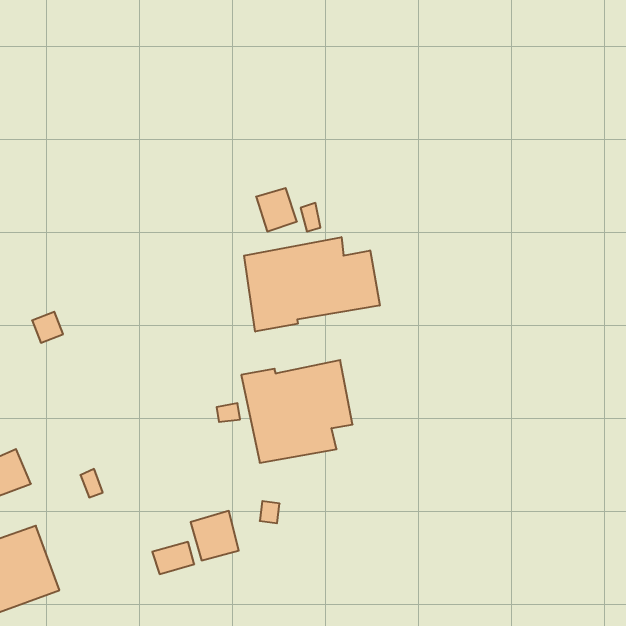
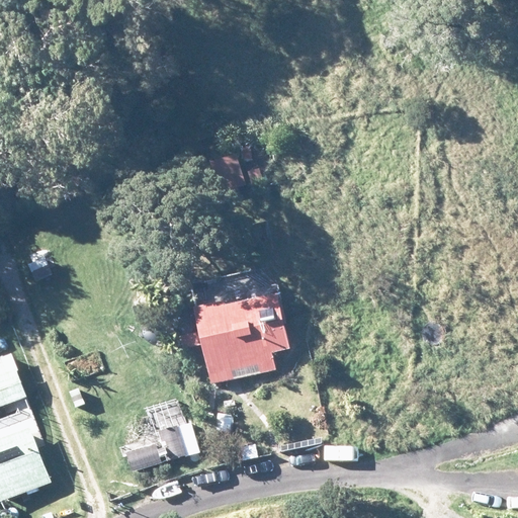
building: [244,237,380,332] -> none

